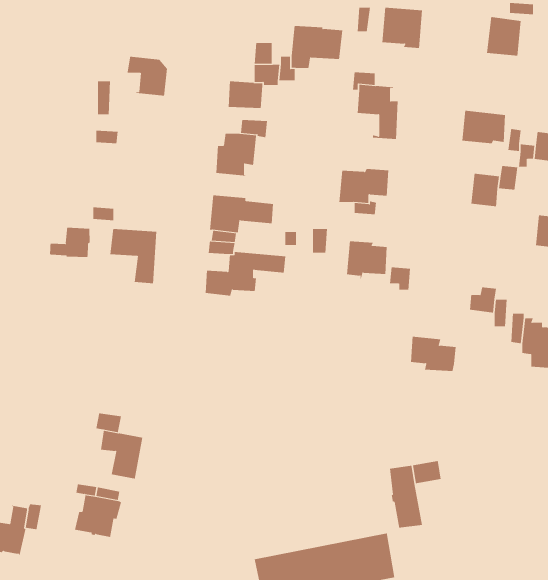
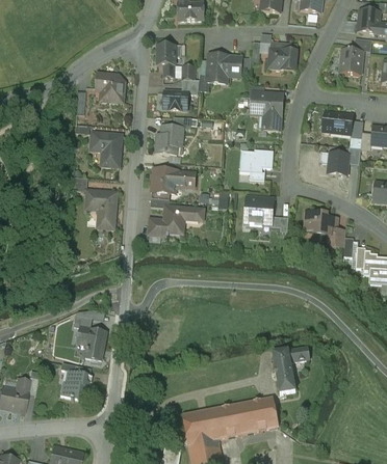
building: none -> [156,44,174,77]
building: none -> [91,132,120,166]
building: [49,227,90,258] -> none
building: [410,336,456,371] -> [305,211,336,235]

